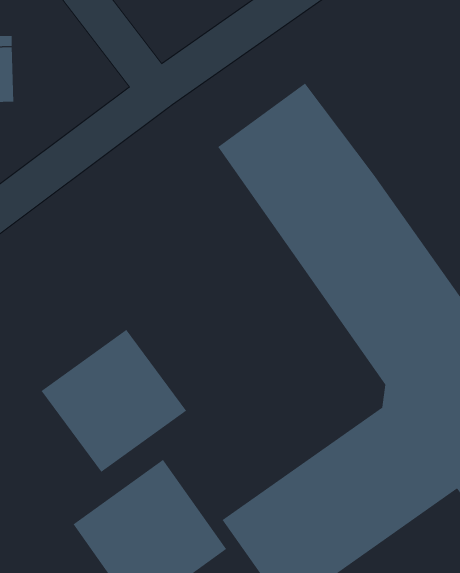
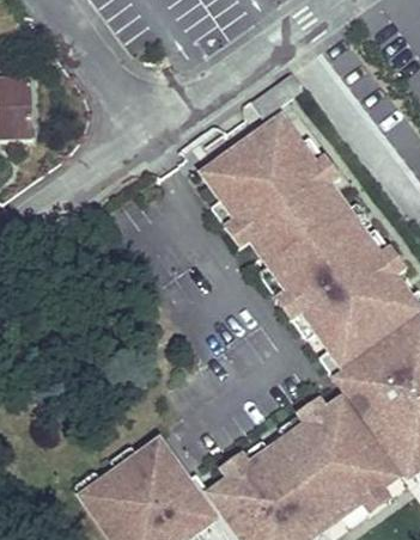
building: [41,329,187,473] -> none

